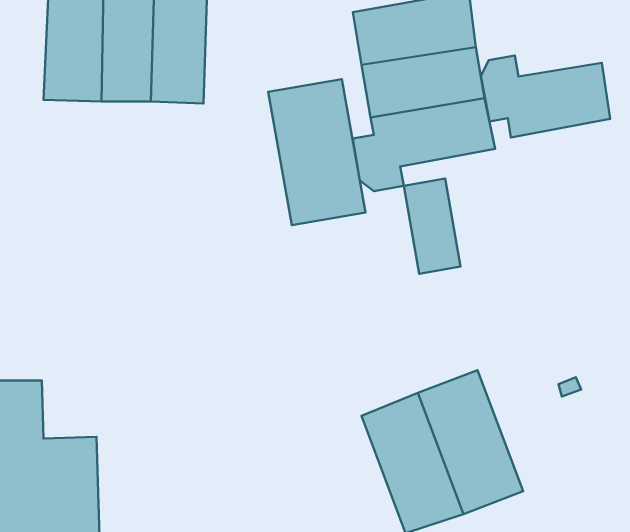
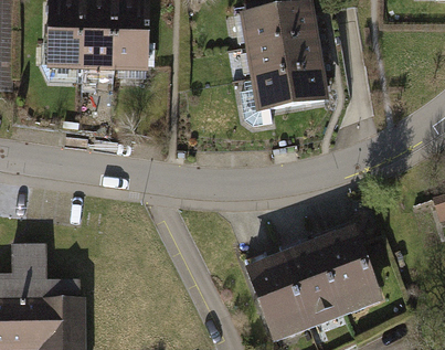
building: [481,56,610,137] -> none
building: [268,79,365,225] -> none
building: [404,178,461,274] -> none
building: none -> [318,224,383,314]

